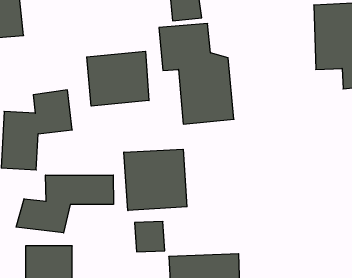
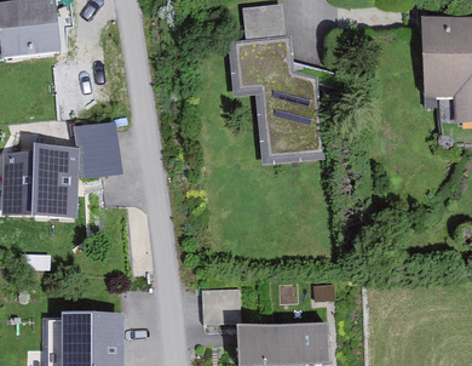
building: [87,51,149,106] -> none
building: [124,149,187,211] -> none
building: [16,175,113,233] -> none

